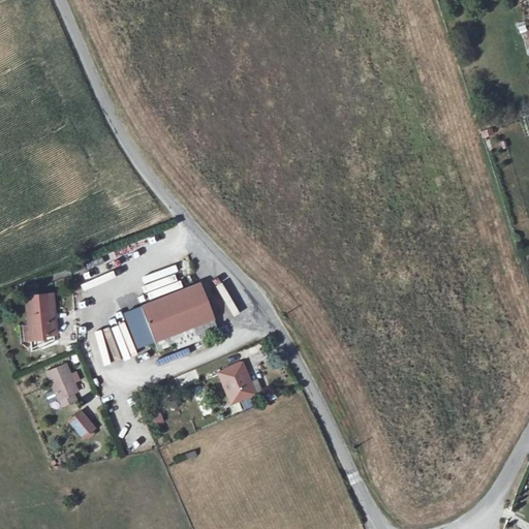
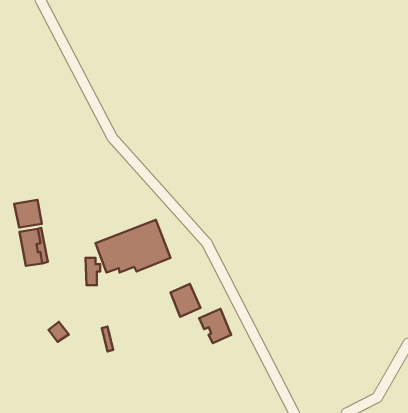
building: none -> [14,200,42,227]
building: [45,363,75,403] -> none
building: none -> [199,309,231,343]

